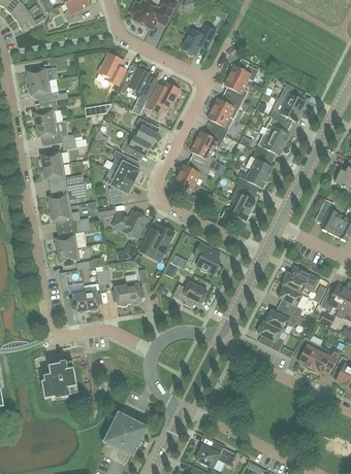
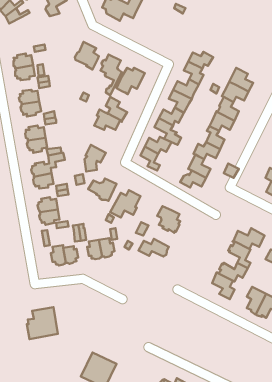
building: [181,25,216,55] -> none
building: [109,150,139,181] -> none

